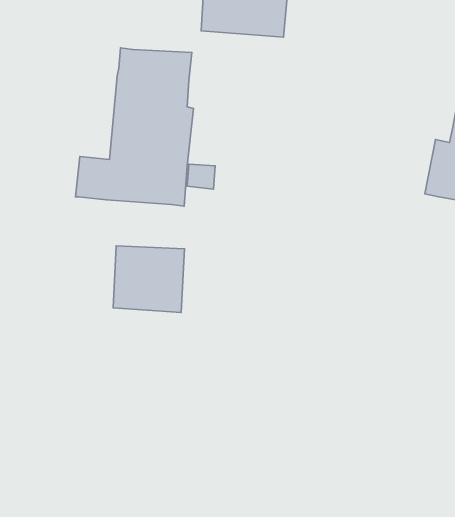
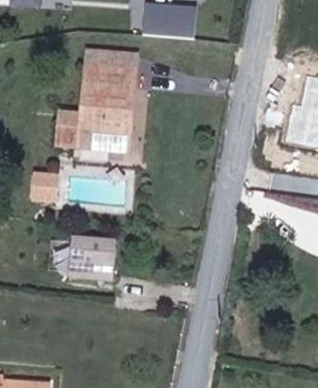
building: none -> [31,170,60,202]
building: [113,246,184,313] -> [71,239,118,282]

